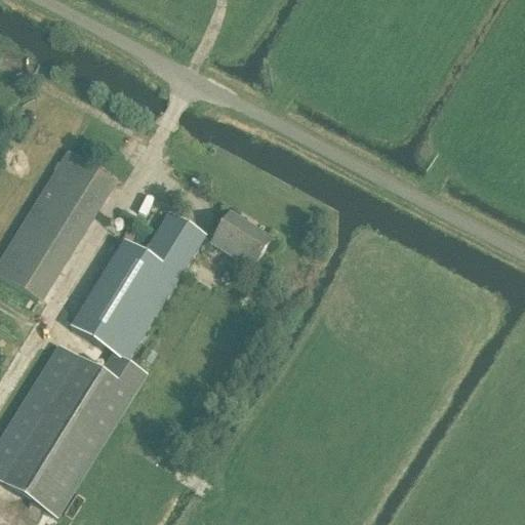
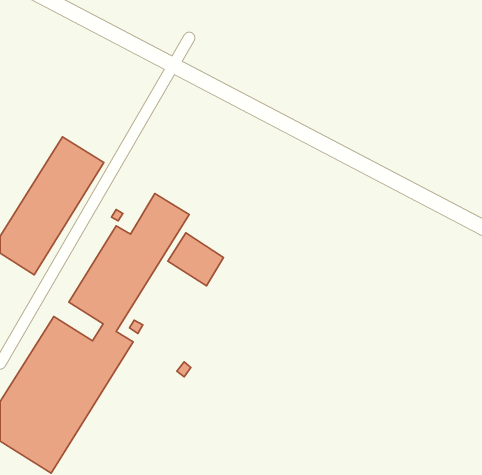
building: [211,209,272,267] -> [168,233,224,286]

